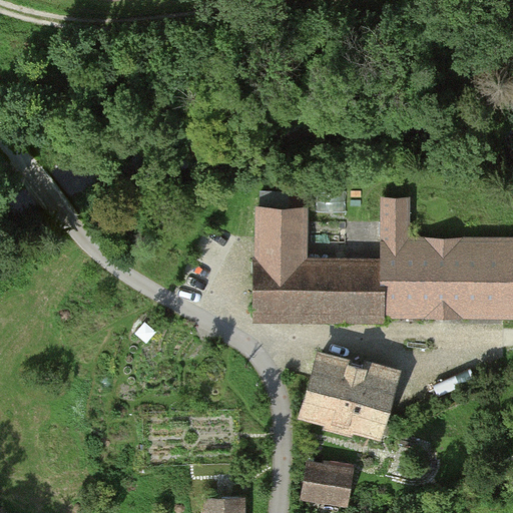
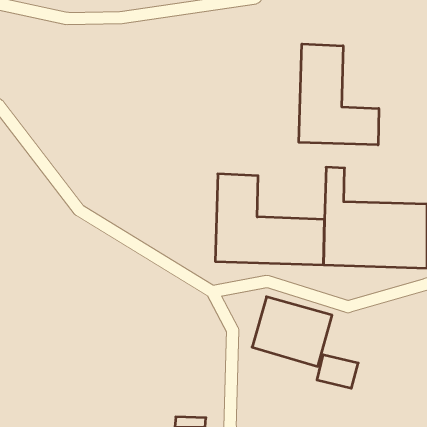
building: none -> [299,44,379,145]
building: [303,461,352,501] -> [317,355,358,388]

